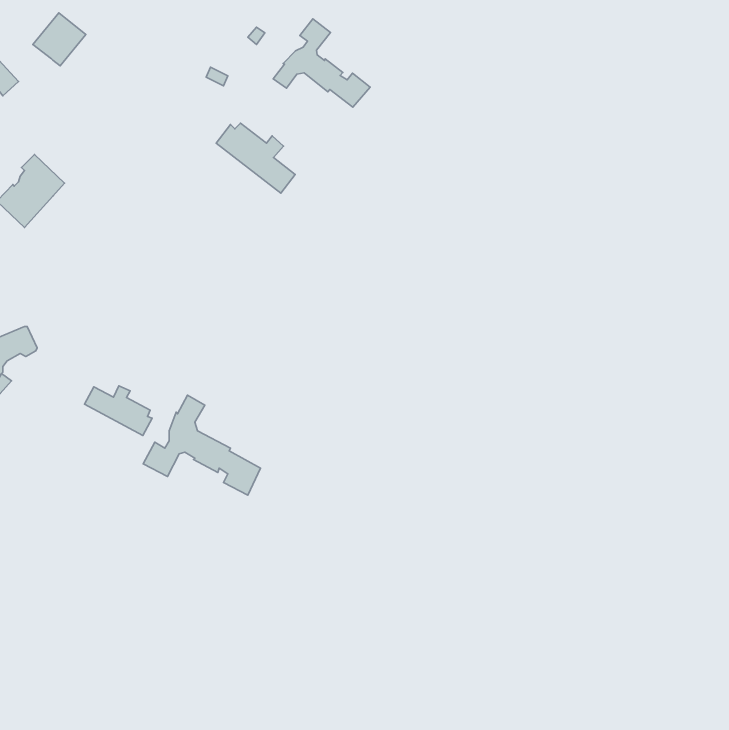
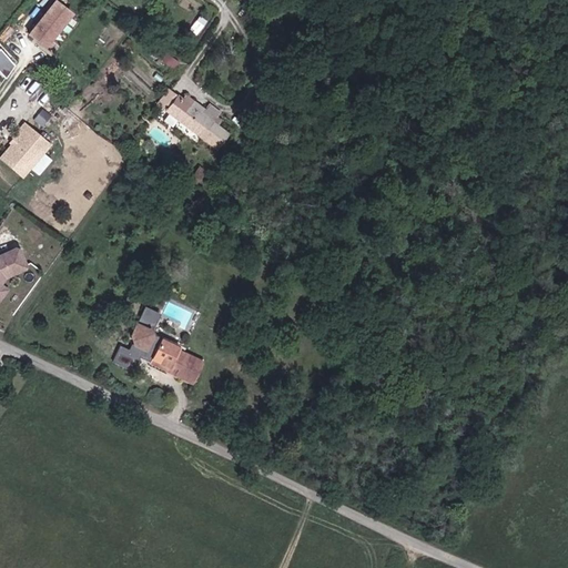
building: [273,19,370,107] -> none
building: [84,386,152,435] -> none

